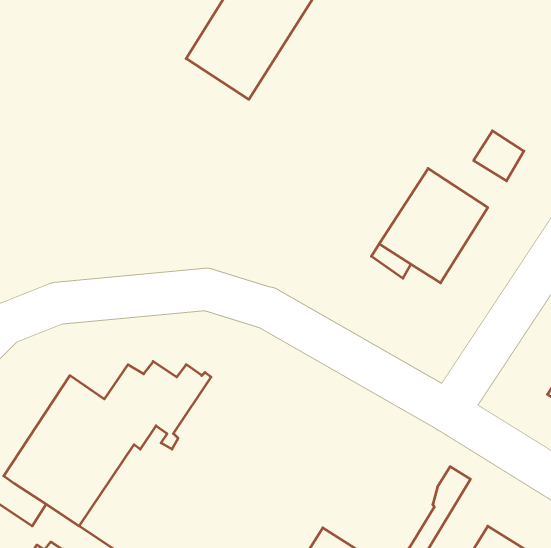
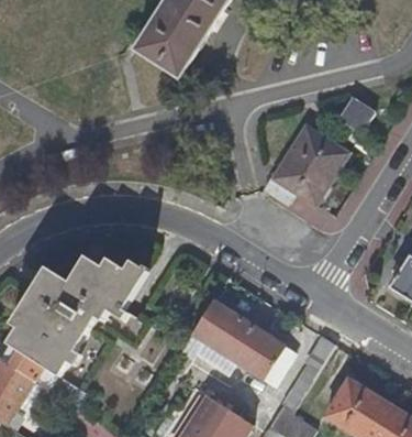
building: none -> [193,301,299,386]

